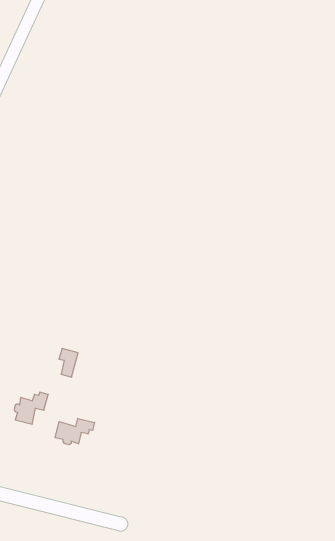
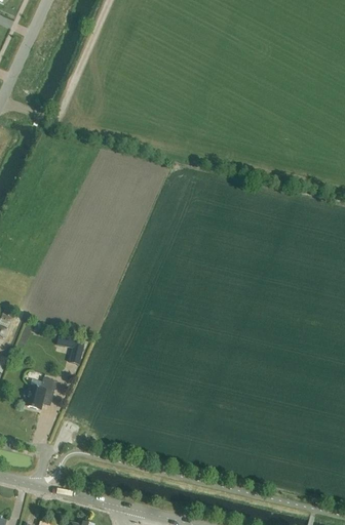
building: [55,418,95,445] -> none

